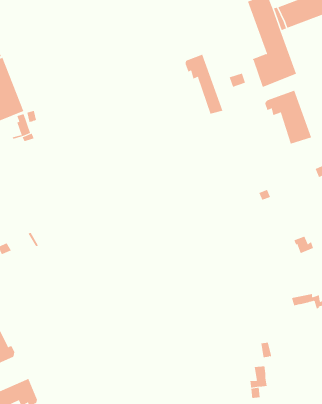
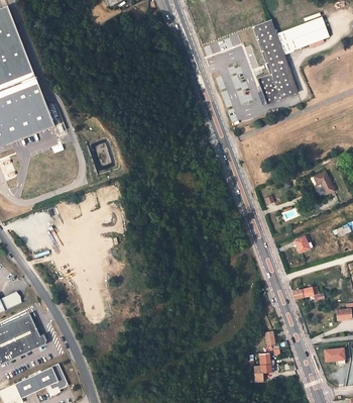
building: [185,54,223,115] -> none
building: [264,90,312,144] -> none

